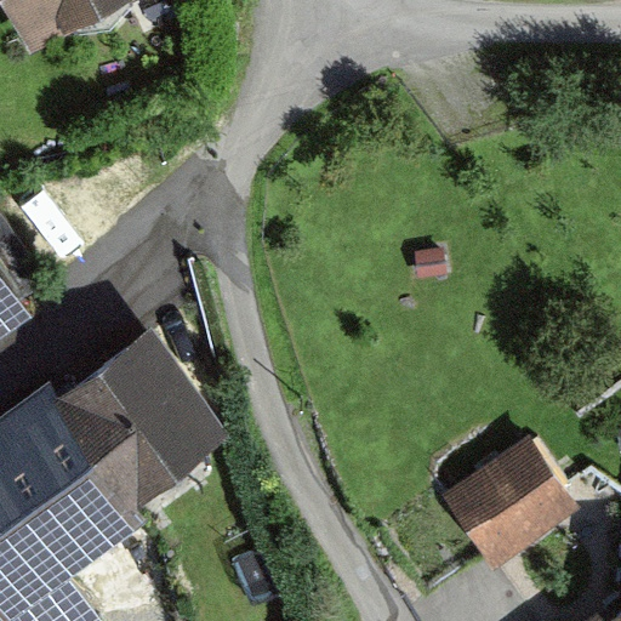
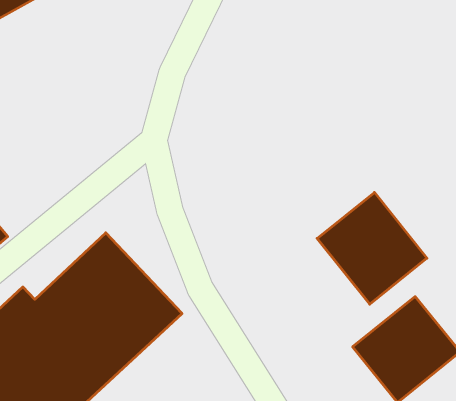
building: none -> [317,192,427,304]

